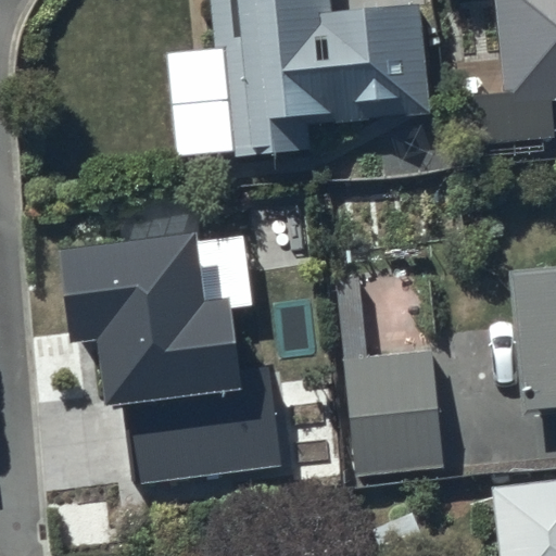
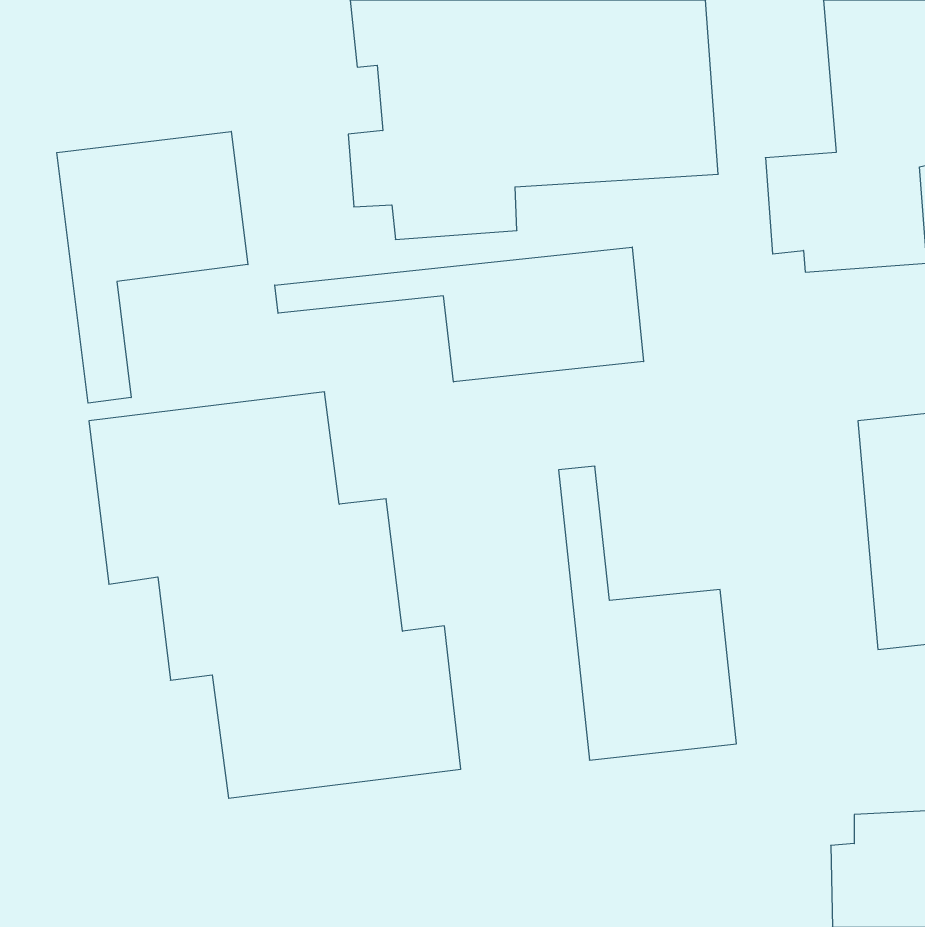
building: none -> [57,131,248,403]
building: none -> [275,247,644,382]

